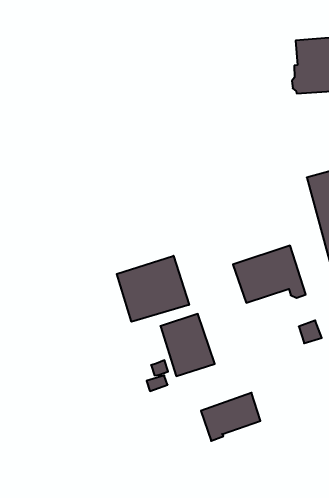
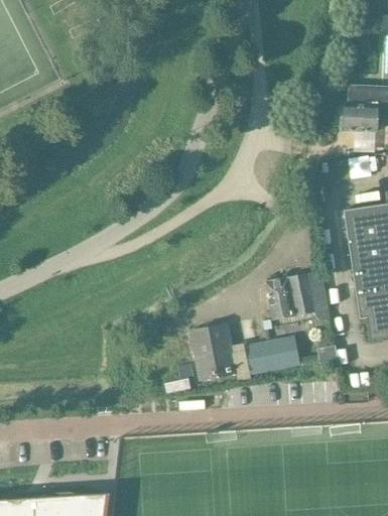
building: [117,256,189,322] -> none
building: [201,393,260,441] -> [246,335,300,375]

